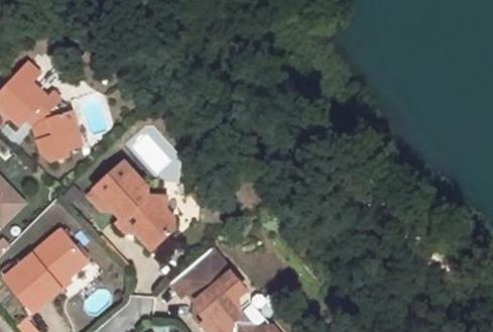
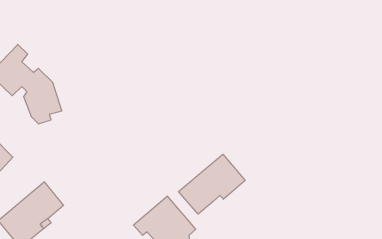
building: [88,161,173,249] -> none
building: none -> [179,154,245,214]

